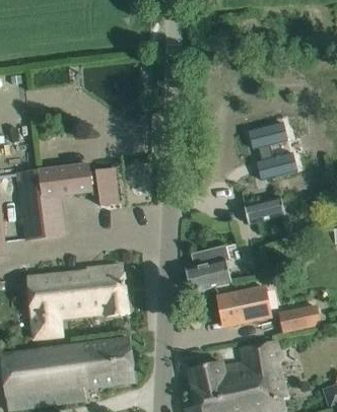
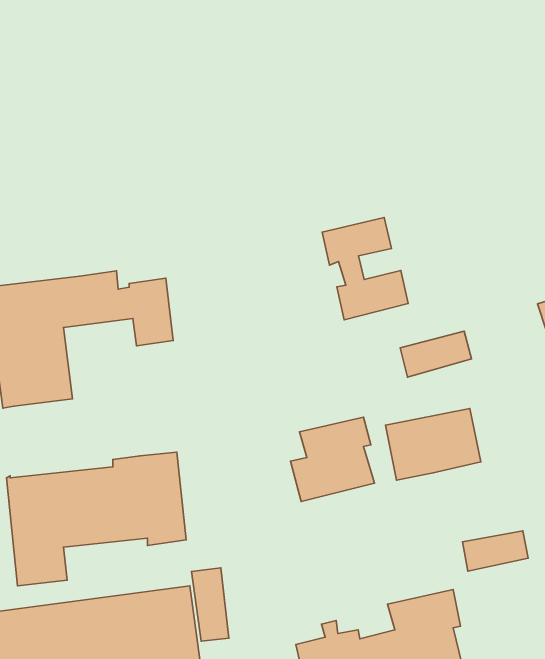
building: [249,122,296,179] -> [322,217,408,320]
building: [217,286,270,326] -> [386,409,481,480]
building: none -> [191,568,229,641]

